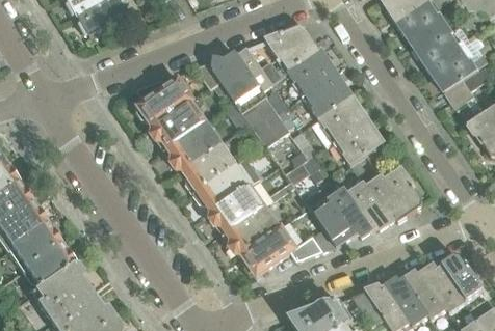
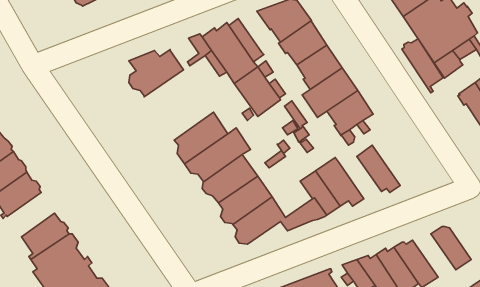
building: none -> [402,39,443,93]
building: [151,99,222,169] -> none
building: [385,168,422,215] -> none
building: [348,182,391,228] -> none
building: [14,222,61,268] -> none
building: [422,264,466,310] -> none

